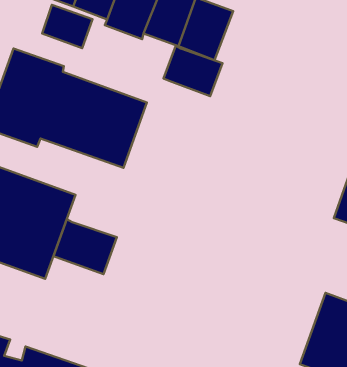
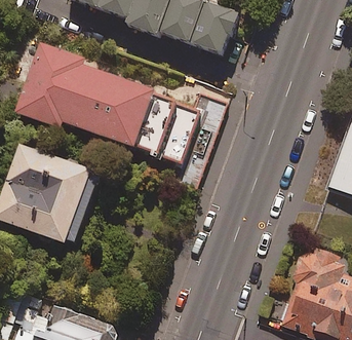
building: [42,5,93,48] -> none
building: [163,46,223,96] -> none
building: [53,219,117,274] -> none

